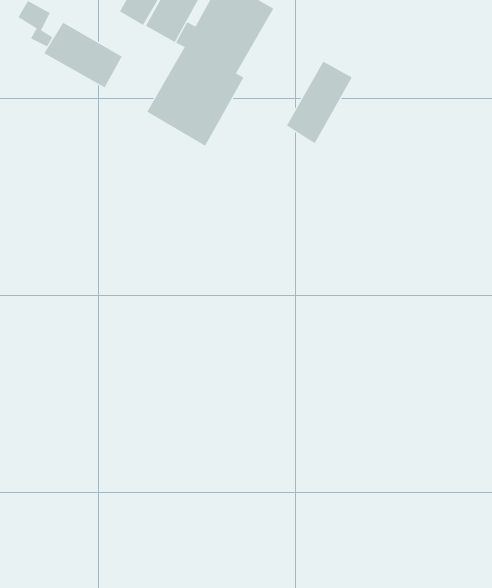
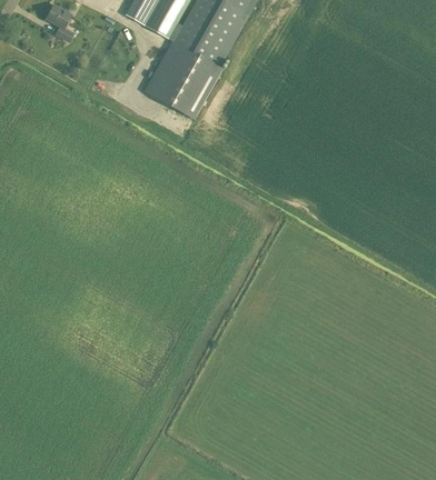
building: [44,22,123,88] -> none
building: [286,61,353,144] -> none

